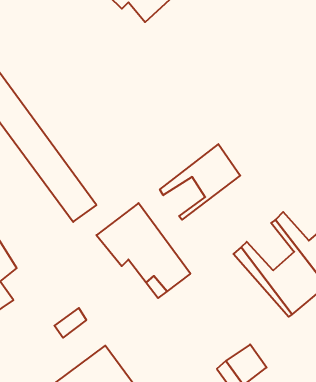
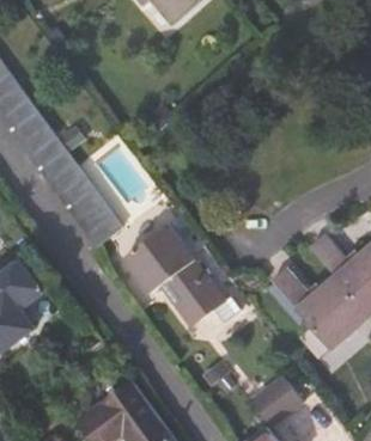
building: [160,144,240,220] -> none

